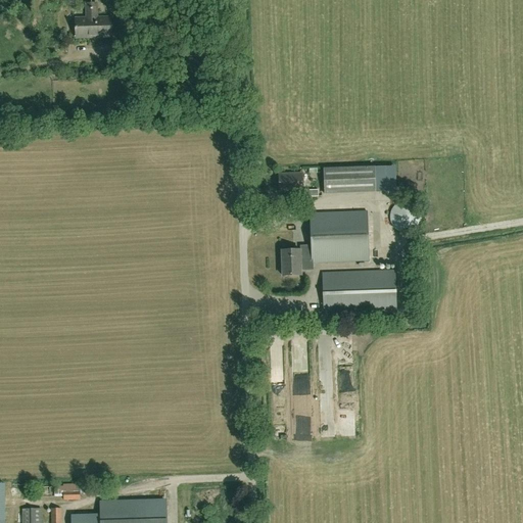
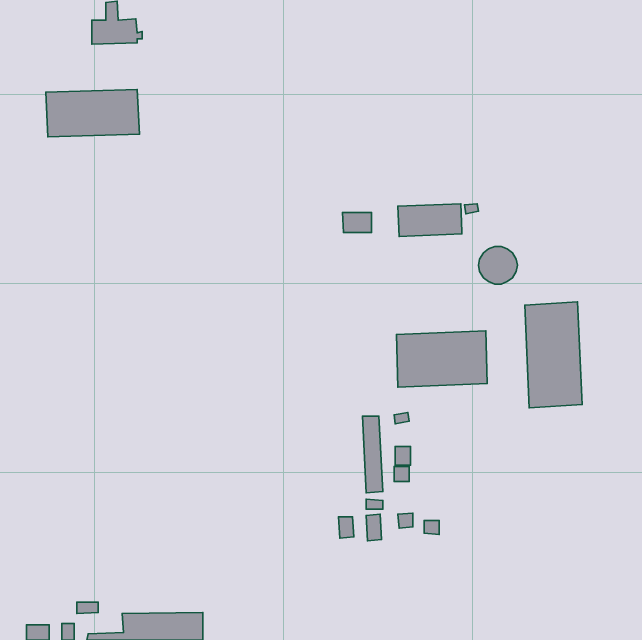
building: none -> [46,90,140,137]
building: [281,210,368,274] -> none
building: none -> [525,302,582,408]

